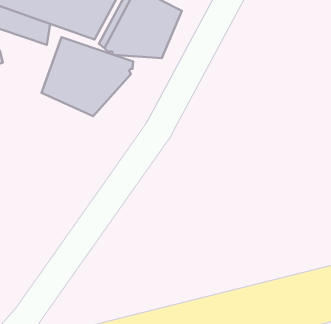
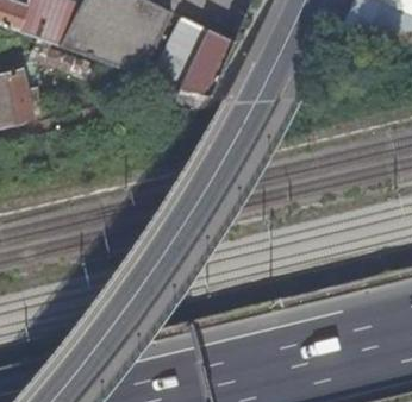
building: [42,37,133,116] -> none

